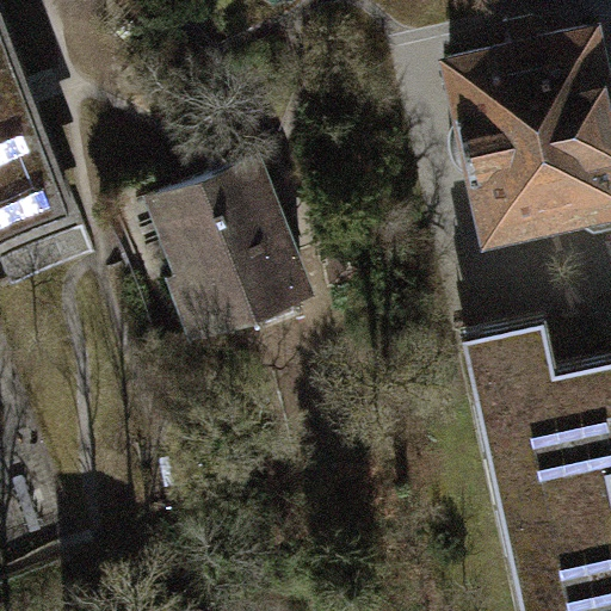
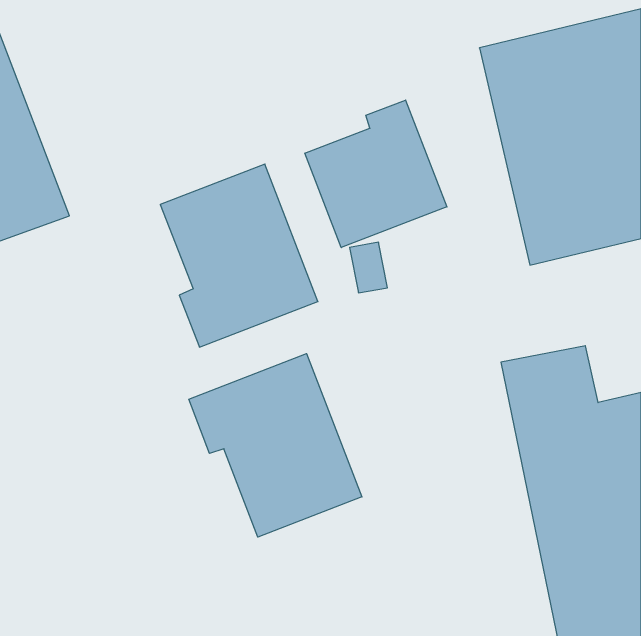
building: none -> [305,100,447,248]
building: none -> [189,354,362,537]

